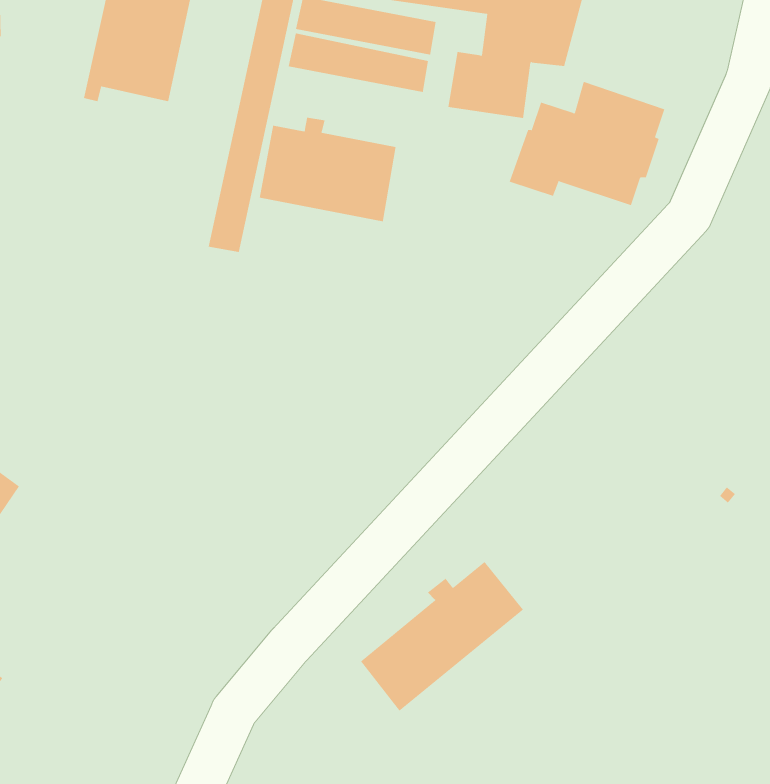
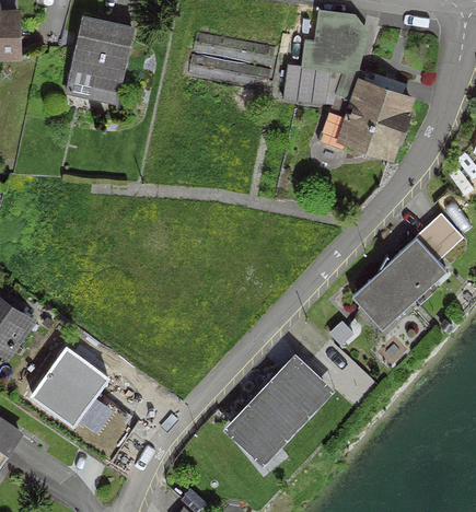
building: [259,117,396,222] -> none
building: none -> [360,213,462,328]
building: none -> [38,353,107,423]

